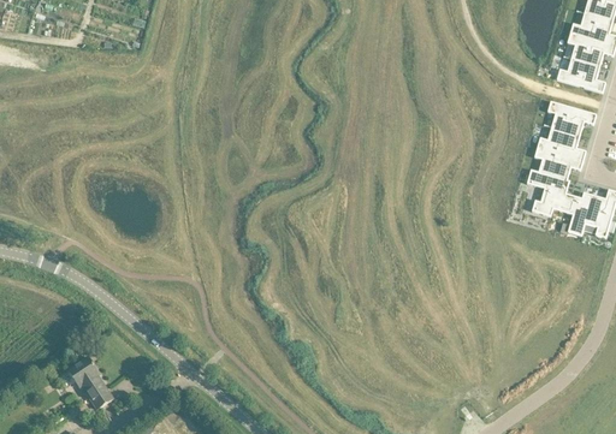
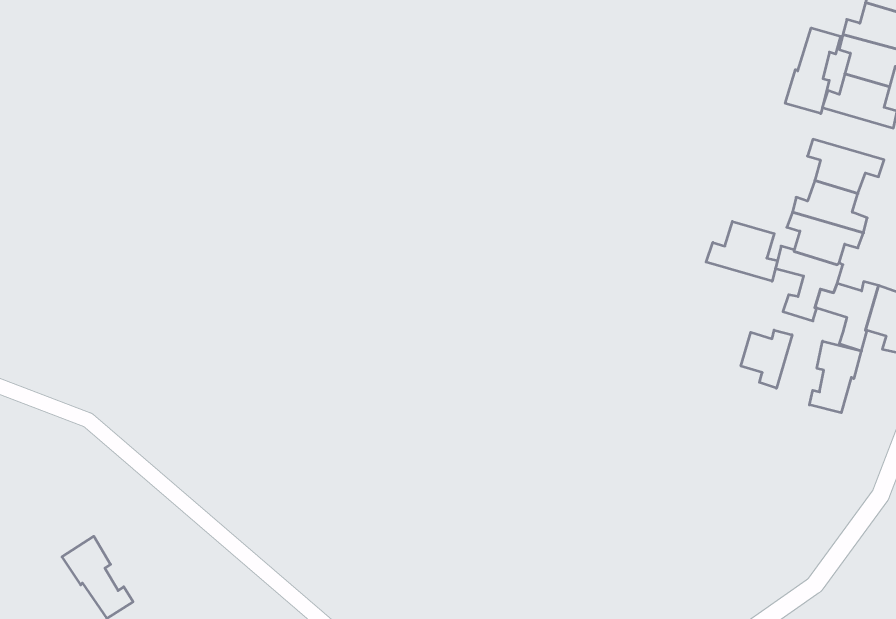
building: none -> [785,28,841,114]
building: none -> [706,221,777,281]
building: none -> [741,330,792,388]
building: none -> [809,341,861,413]

